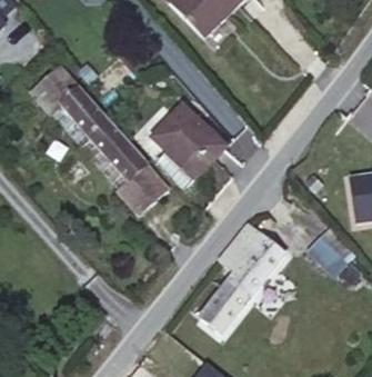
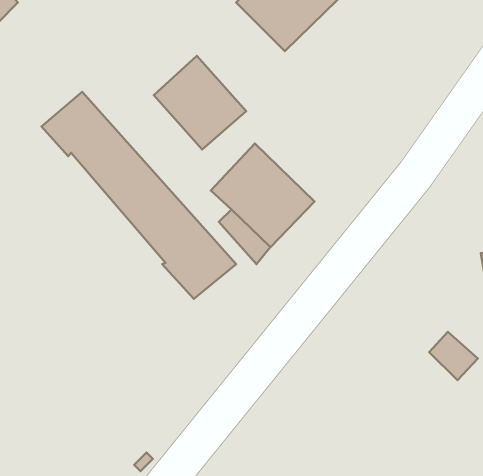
building: none -> [154,56,246,149]
building: [201,221,285,331] -> none

